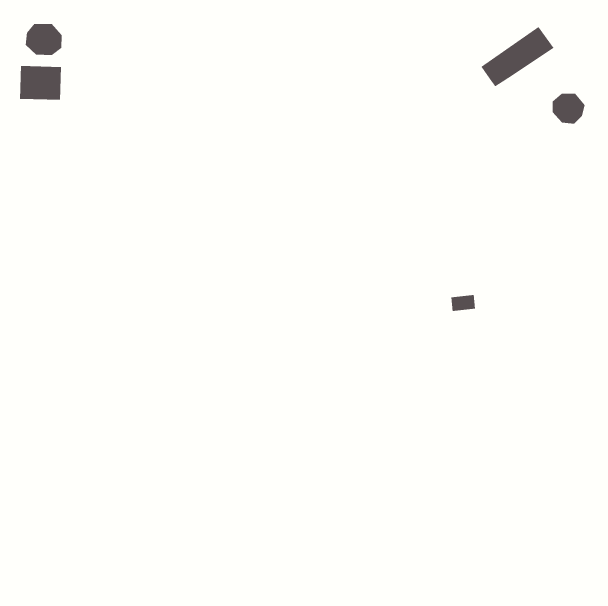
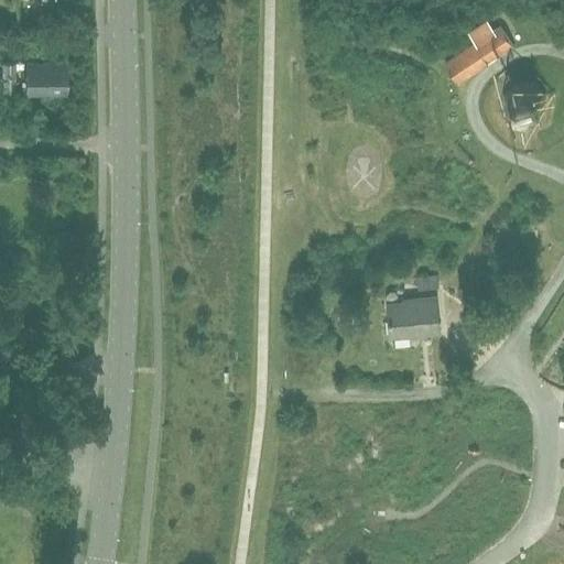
building: [25,23,62,56] -> none
building: none -> [389,300,440,338]

